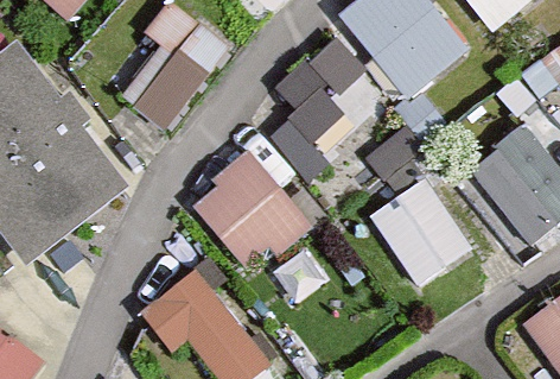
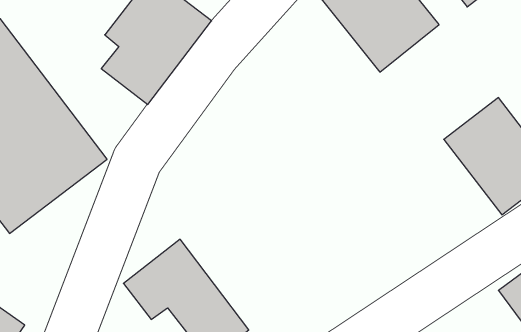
building: [268,38,367,181] -> none
building: [192,154,310,272] -> none
building: [369,178,473,286] -> none

